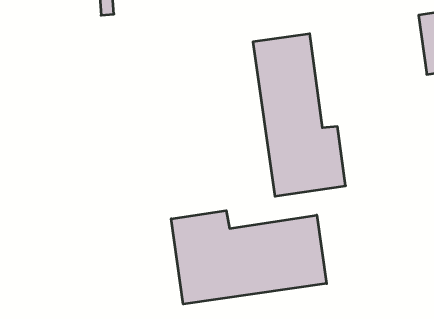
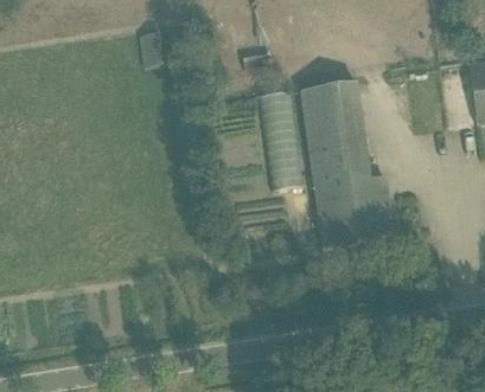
building: [171,211,327,304] -> none

